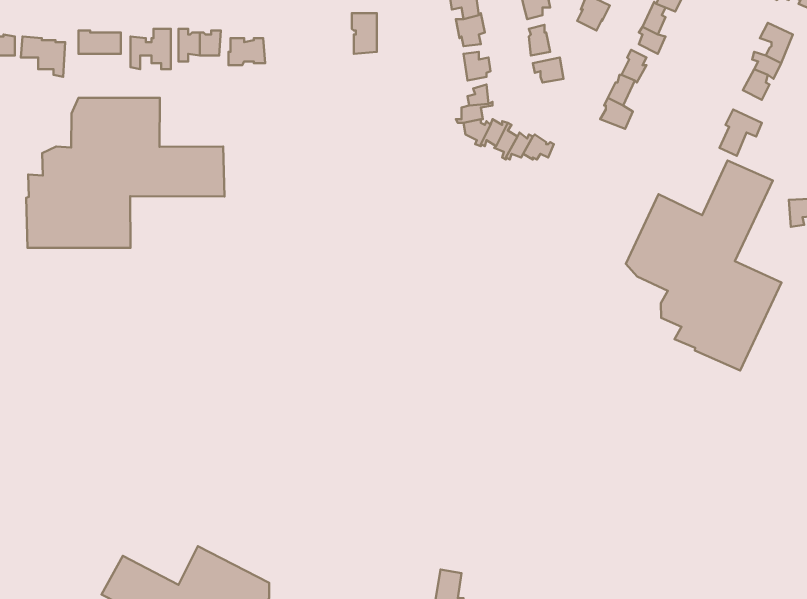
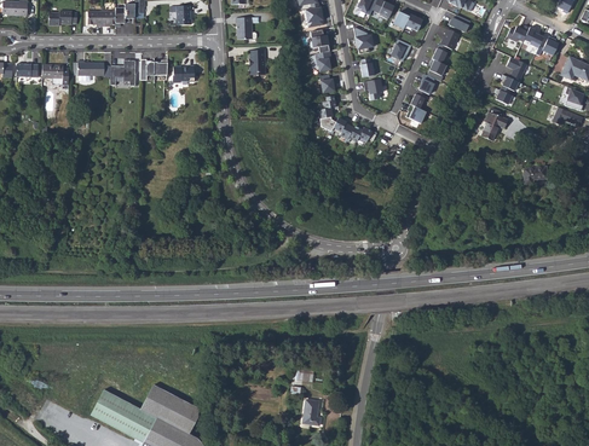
building: [26,98,225,248] -> none
building: [626,161,782,370] -> none

